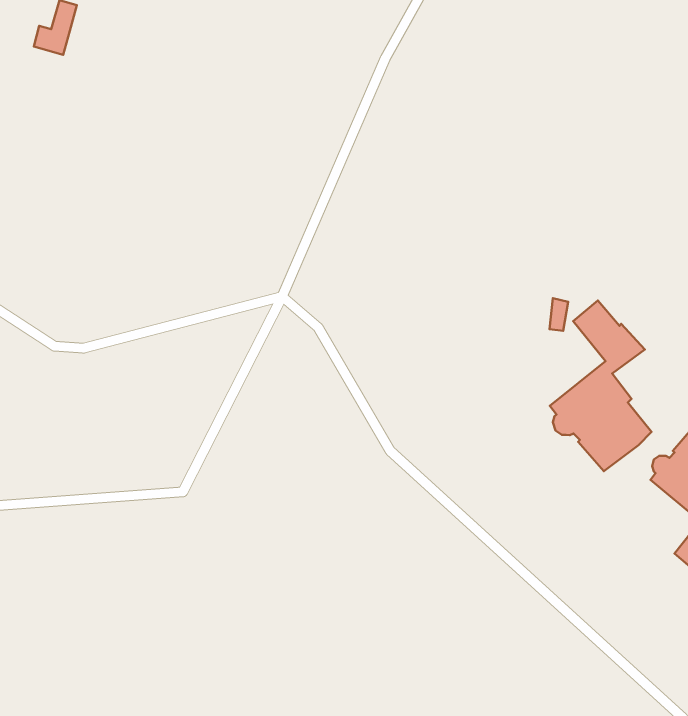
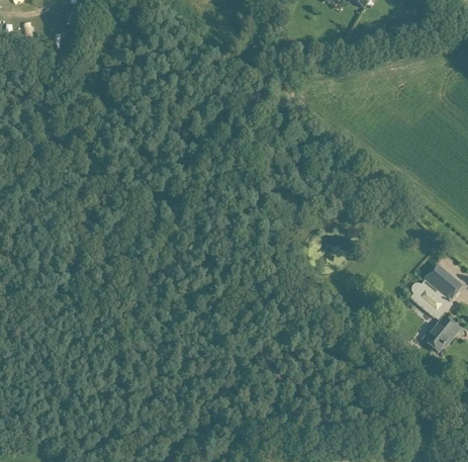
building: [550,301,652,471] -> none

